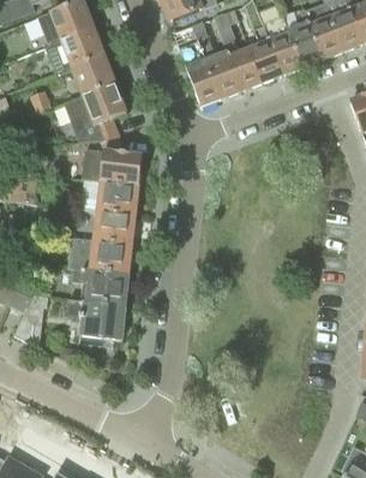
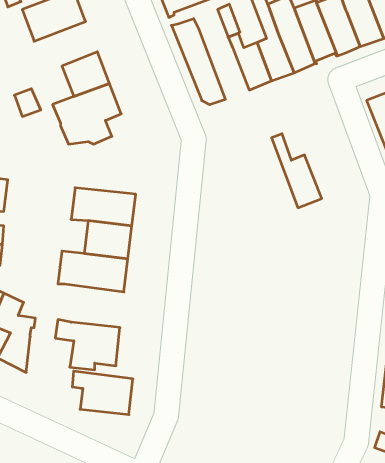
building: [44,28,103,74] -> none
building: [196,31,241,98] -> [272,134,322,208]
building: [80,132,142,185] -> none
building: [72,267,127,306] -> [72,371,133,415]

